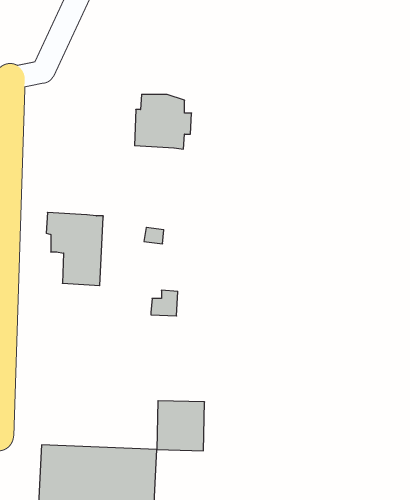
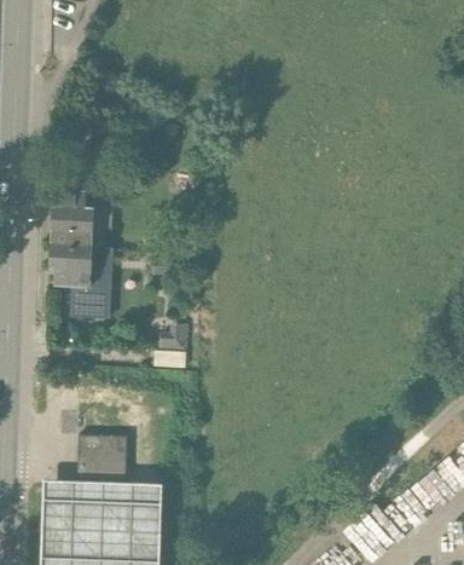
building: [135,94,192,149] -> [51,189,110,246]
building: [157,401,205,451] -> [76,433,126,485]

